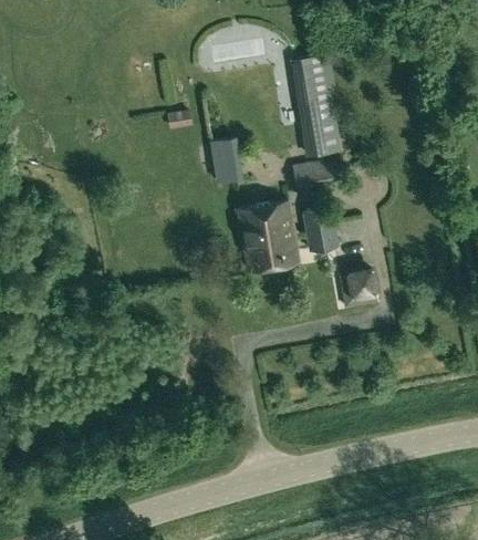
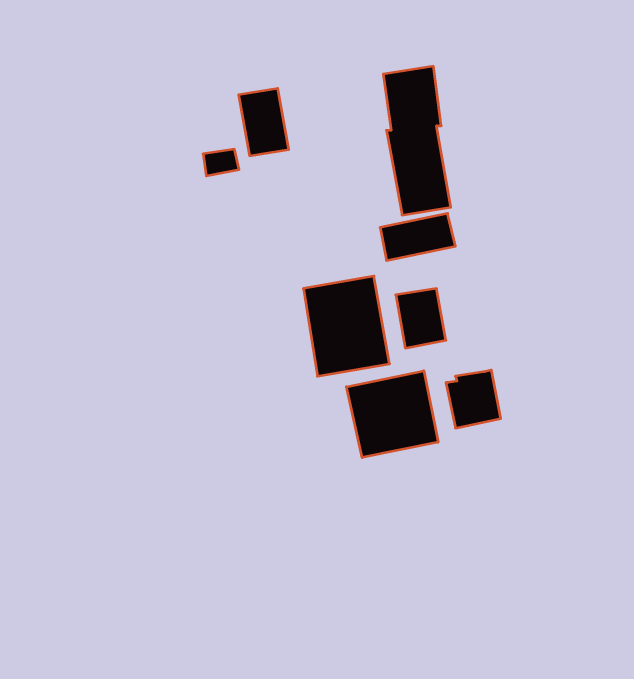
building: [209,136,245,184] -> [239,88,289,156]
building: none -> [346,371,438,458]

